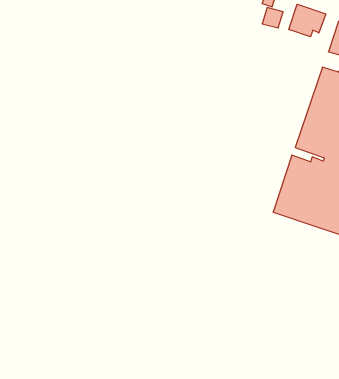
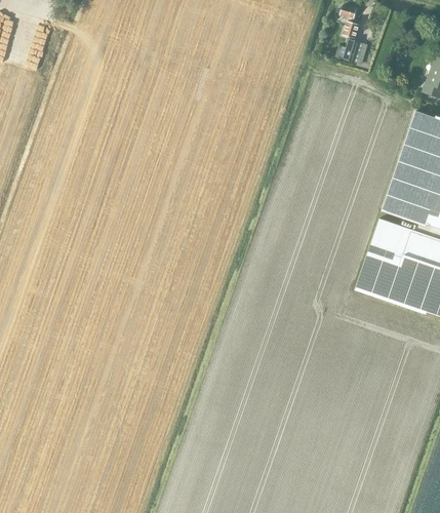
building: [289,4,326,37] -> none

